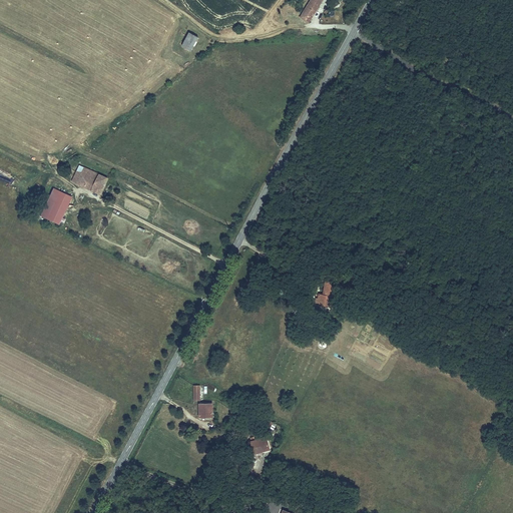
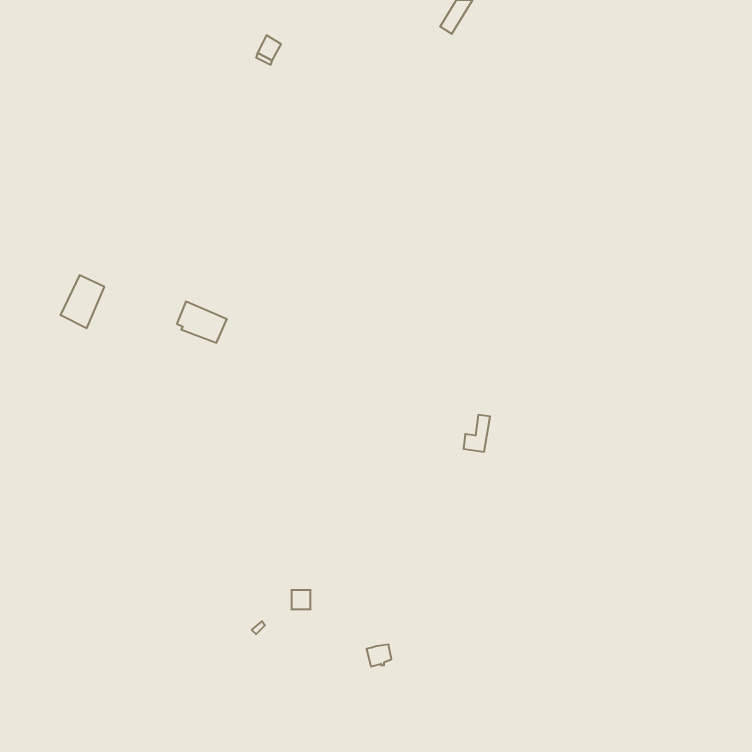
building: [74,166,108,194] -> [177,302,227,343]

